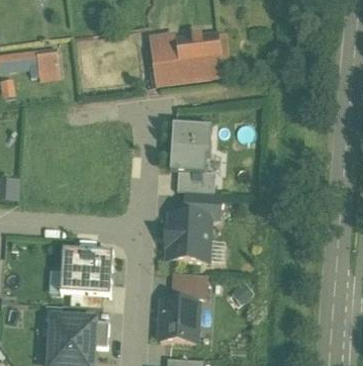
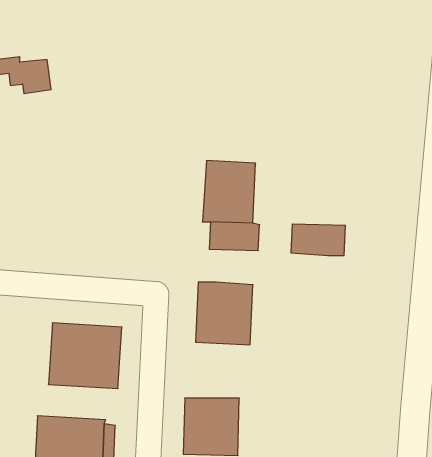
building: [149,29,221,79] -> none
building: [181,193,221,216] -> [291,224,345,256]
building: [171,273,203,295] -> none

